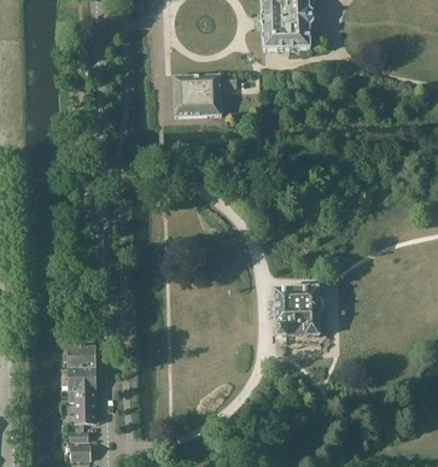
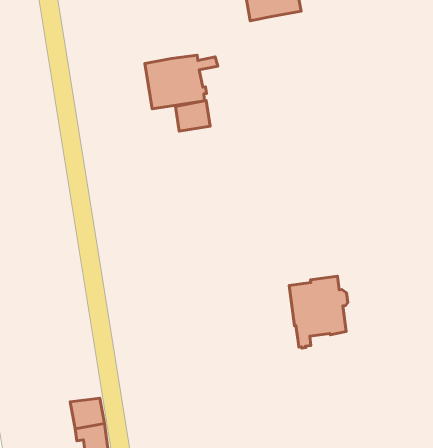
building: none -> [176,100,210,131]
building: [63,345,94,367] -> none

